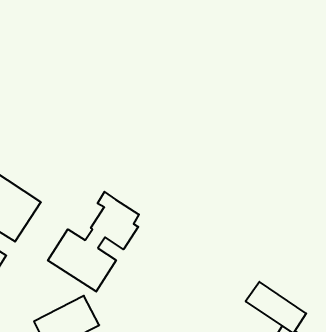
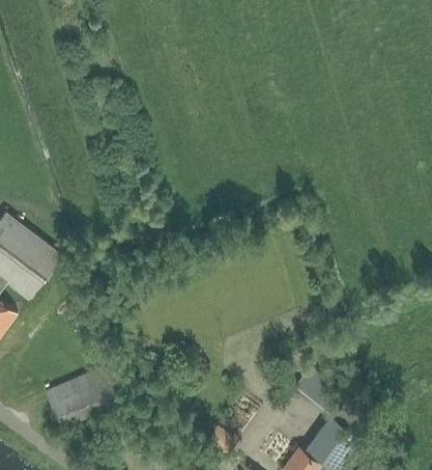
building: [48,192,139,292] -> none

